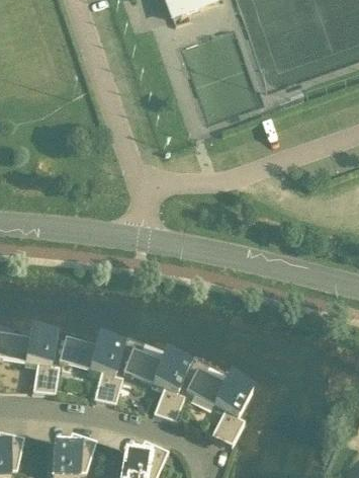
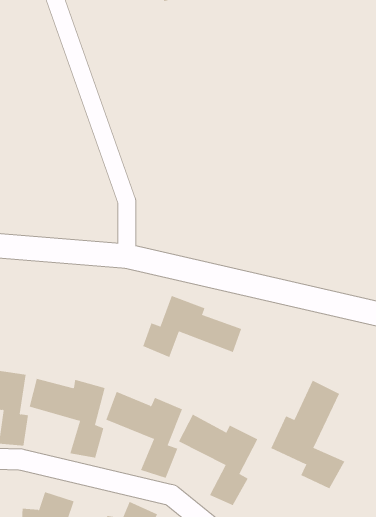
building: none -> [142,295,242,358]
building: none -> [271,380,345,489]

